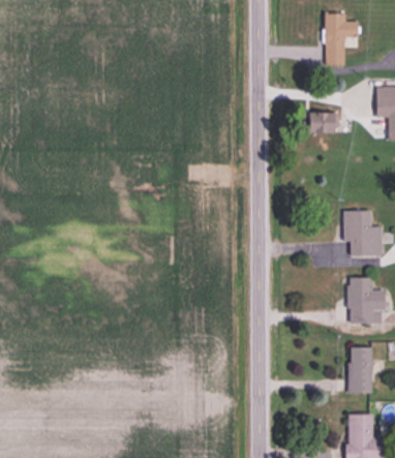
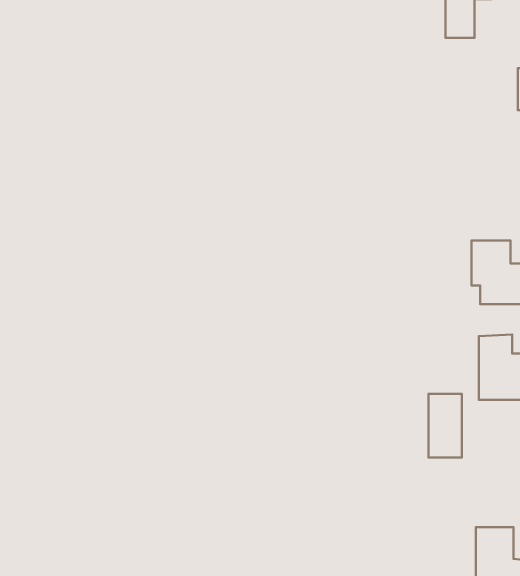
building: [306,112,334,132] -> none
building: [348,347,372,393] -> [428,394,462,458]

